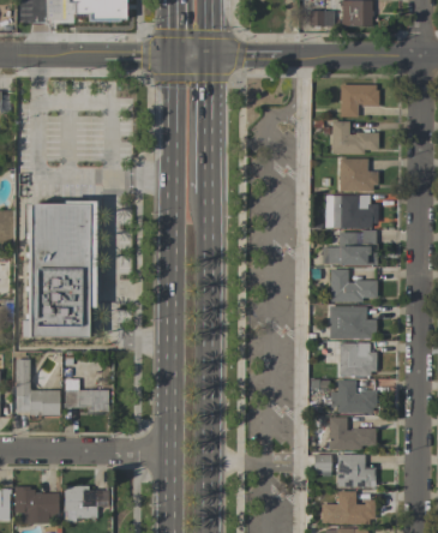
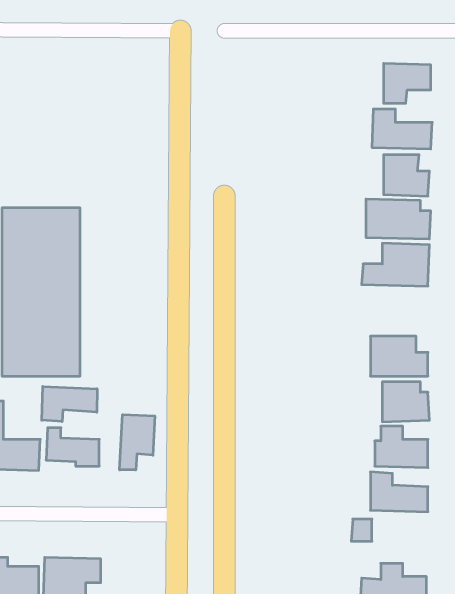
building: [330,269,377,301] -> none
building: none -> [42,386,97,422]
building: none -> [120,415,155,470]
building: [336,454,376,487] -> none

